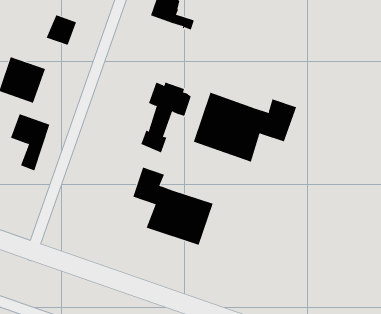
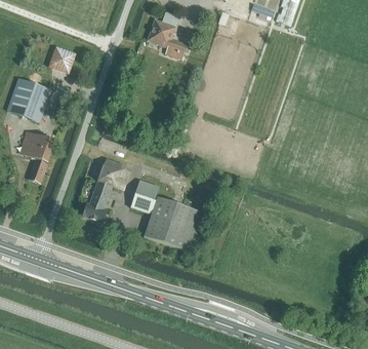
building: [140,82,192,153] -> [83,158,130,224]
building: [193,92,297,163] -> none

